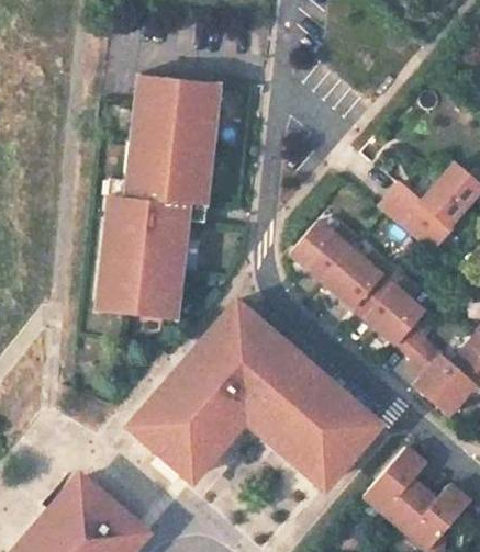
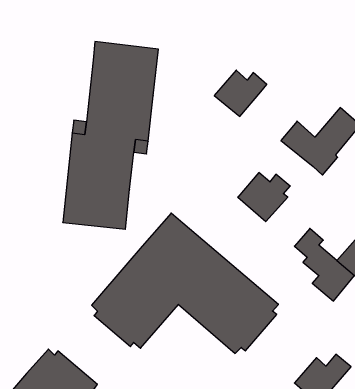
building: [290,221,358,281] -> [214,70,267,116]
building: [359,275,425,345] -> none
building: [365,447,426,522] -> none

